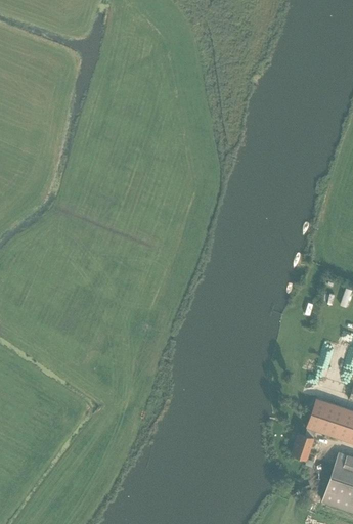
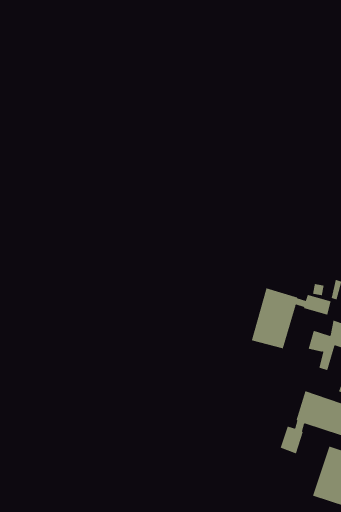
building: none -> [251,287,331,349]

